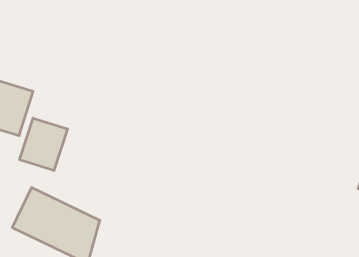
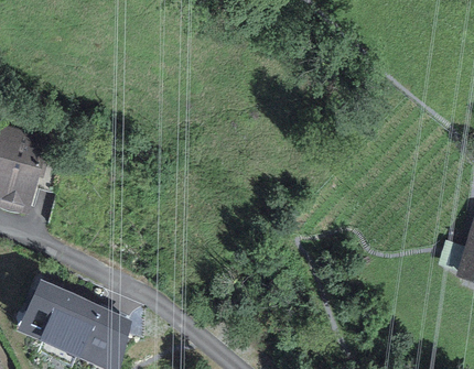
building: [20,118,68,171] -> none

